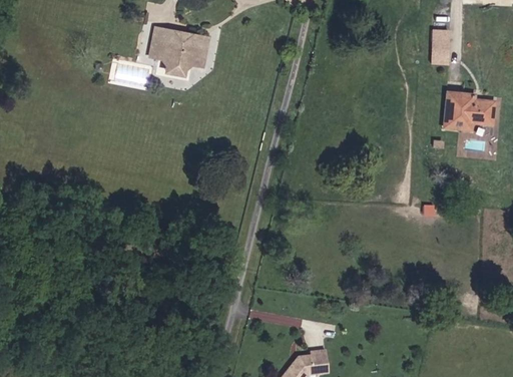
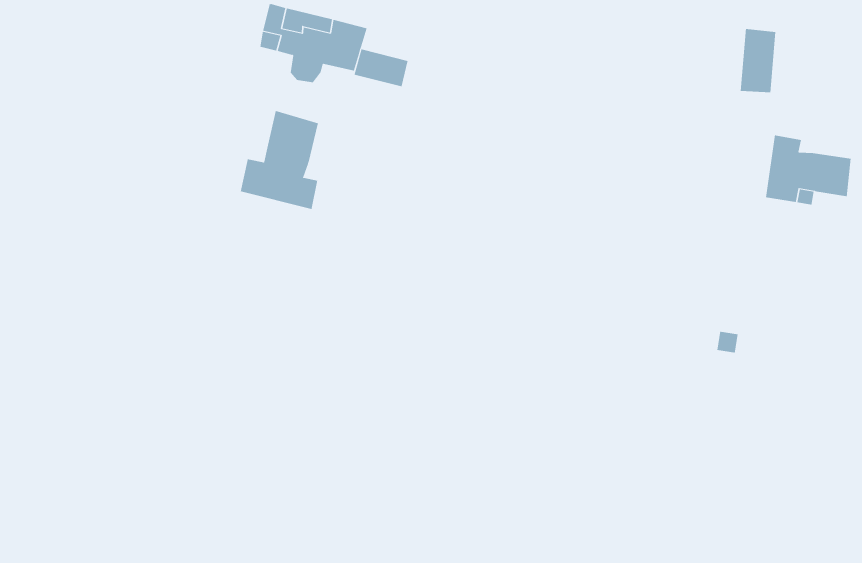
building: none -> [354,49,408,87]
building: none -> [240,110,319,210]

